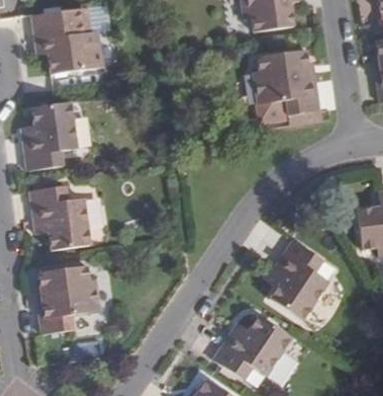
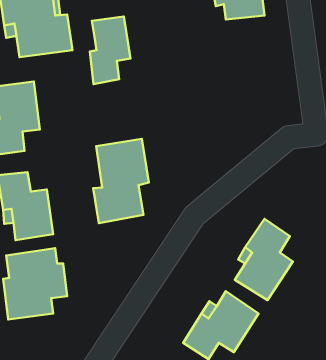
building: none -> [90,17,131,84]
building: [254,50,321,128] -> none
building: none -> [93,139,149,223]

